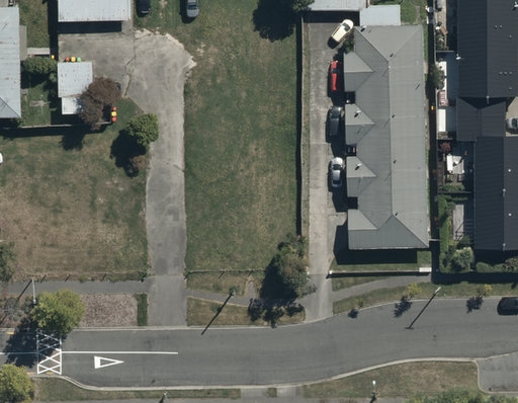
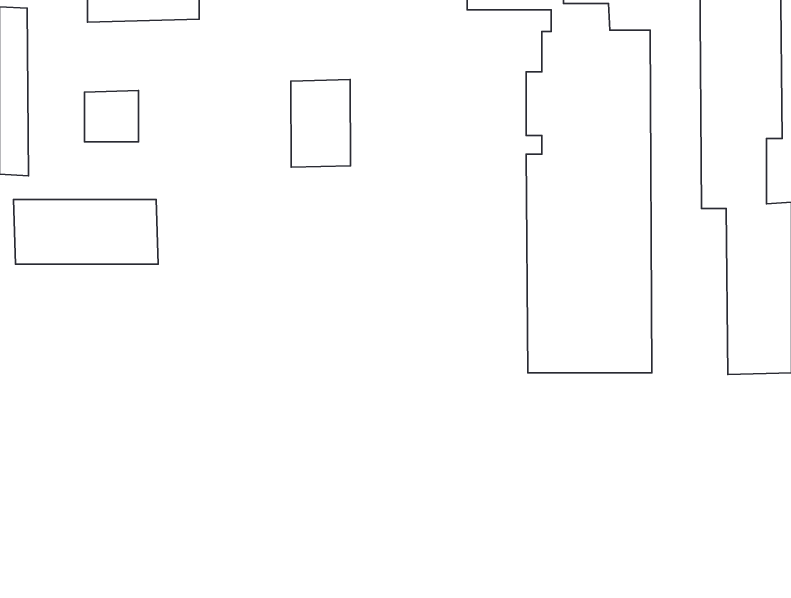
building: none -> [291,80,351,167]
building: none -> [14,199,158,264]

